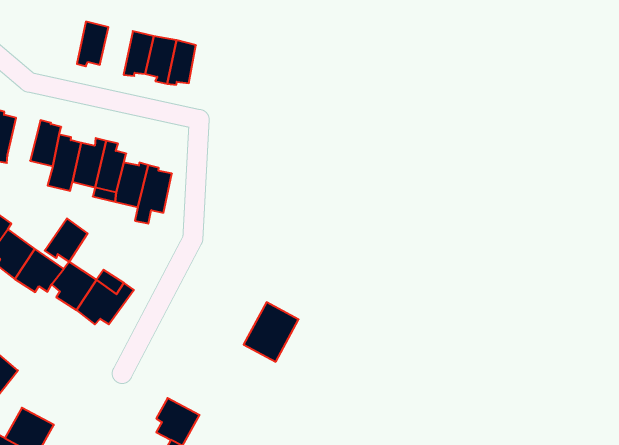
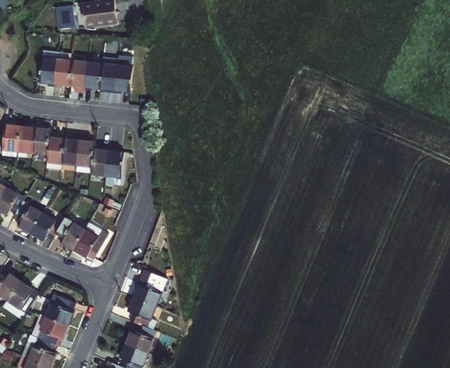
building: none -> [42,51,59,87]
building: none -> [71,61,90,94]
building: none -> [17,125,36,153]
building: [45,218,88,262] -> none
building: [244,302,299,362] -> [137,269,171,307]
building: none -> [43,293,71,323]

